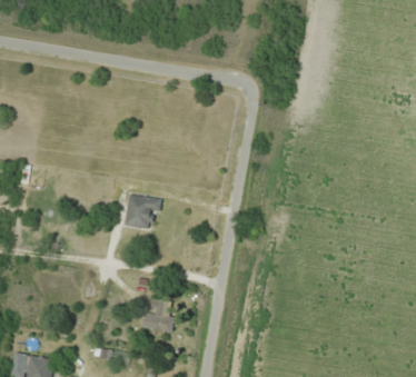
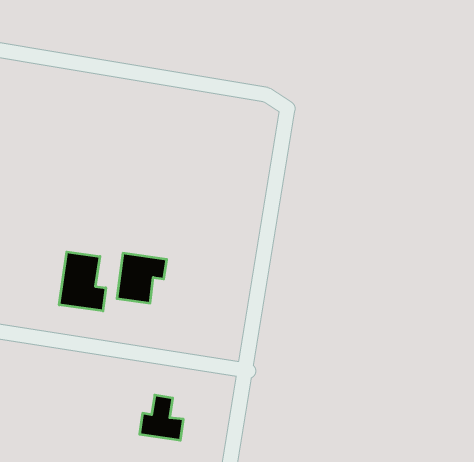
building: none -> [59,252,106,311]

